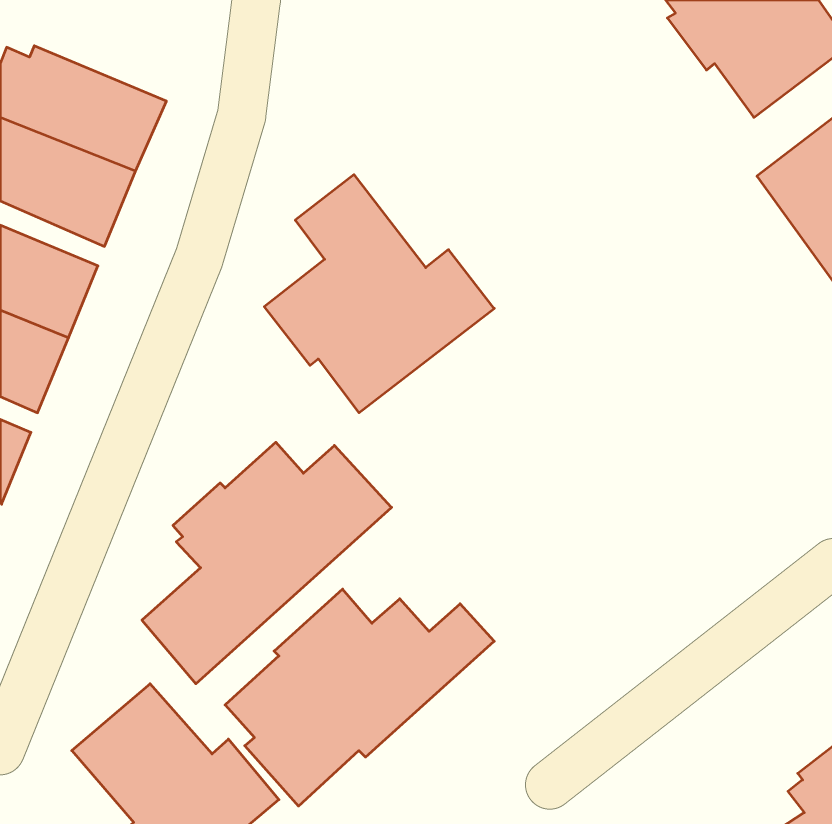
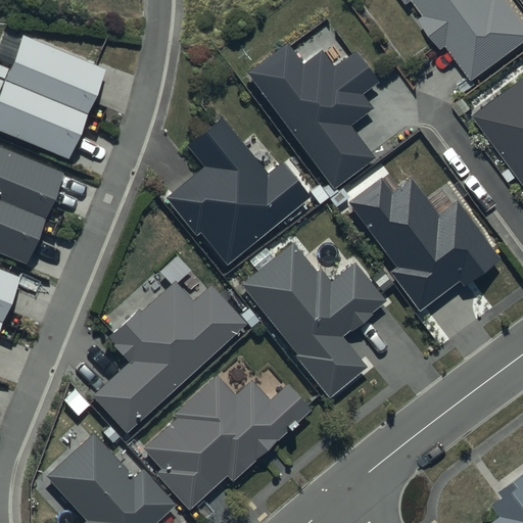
building: none -> [246,43,379,191]
building: none -> [347,178,501,310]
building: none -> [241,243,388,398]

